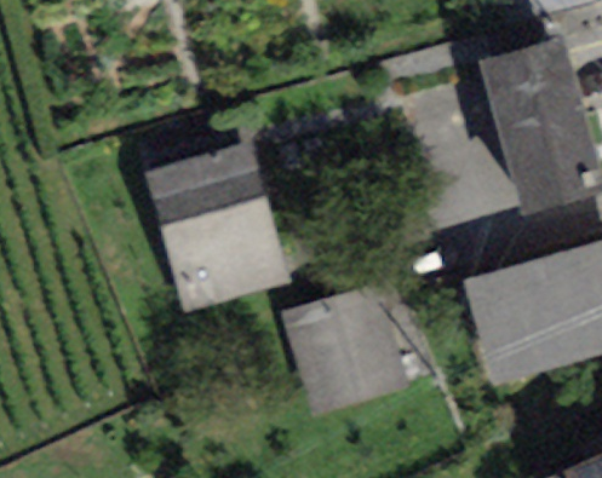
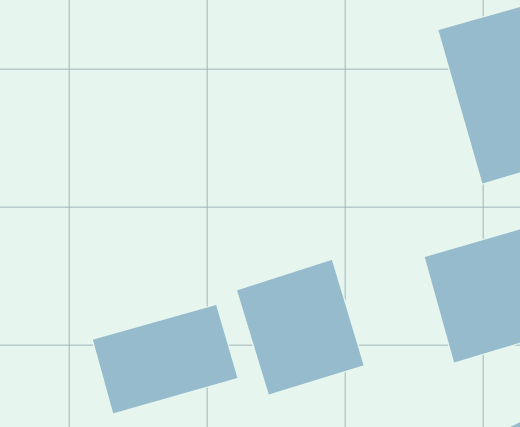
building: [144,142,288,312] -> none
building: none -> [92,304,238,414]

